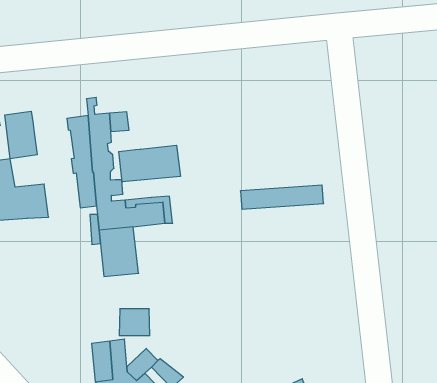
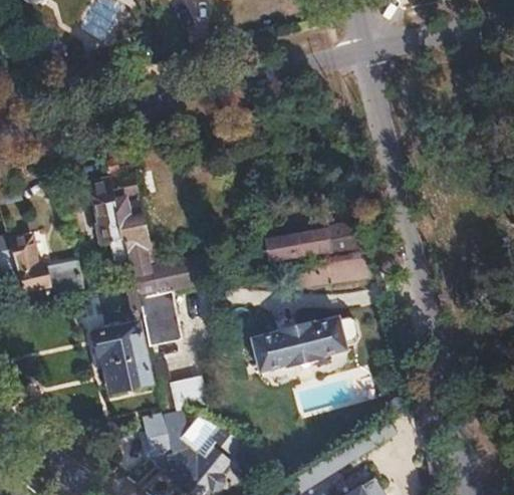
building: [5,111,37,159] -> none
building: [119,145,180,182] -> none
building: none -> [91,323,151,392]
building: none -> [245,317,358,373]

